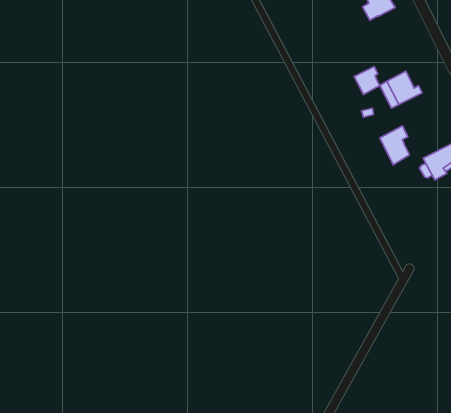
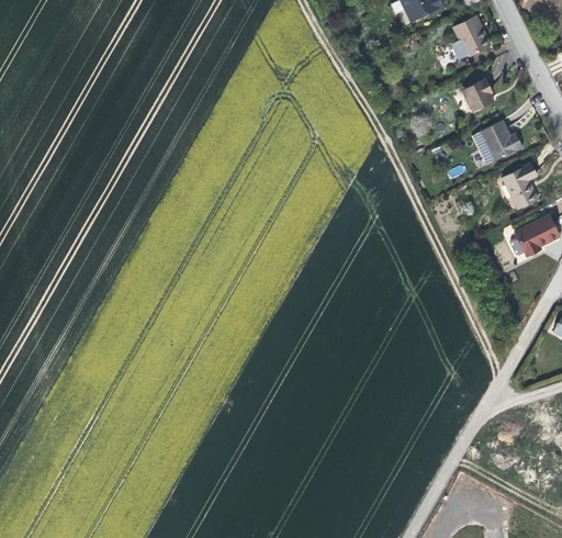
building: [354,67,380,95] -> [460,78,491,112]
building: [380,126,410,165] -> [501,161,537,209]

